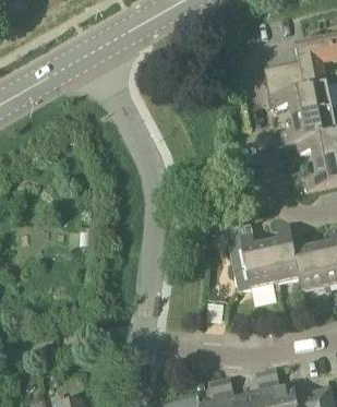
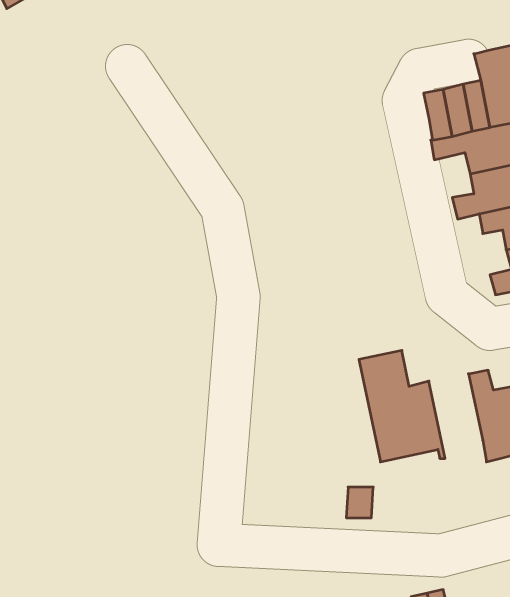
building: [267,224,300,288] -> none

